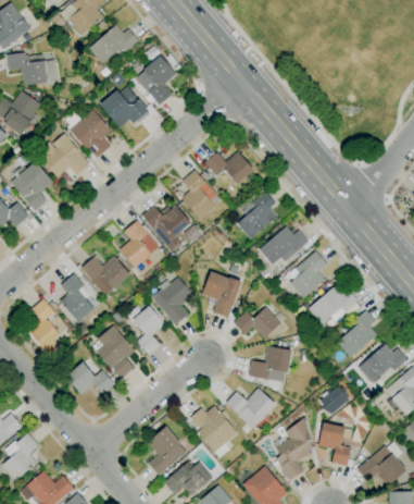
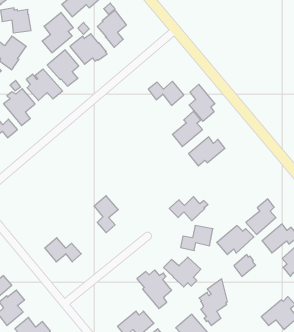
building: none -> [42,12,73,53]
building: [181,170,216,220] -> [189,84,215,121]
building: [142,205,201,253] -> none
building: [120,220,151,269] -> none
building: [288,251,327,298] -> none
building: [81,257,129,295] -> none
building: [202,271,242,318] -> none
building: [60,274,95,323] -> none
building: [152,278,193,325] -> none
building: [309,285,359,324] -> [217,226,254,255]
building: [28,299,67,356] -> none
building: [92,325,135,379] -> none
building: [318,422,352,467] -> none
building: [148,427,186,476] -> none

